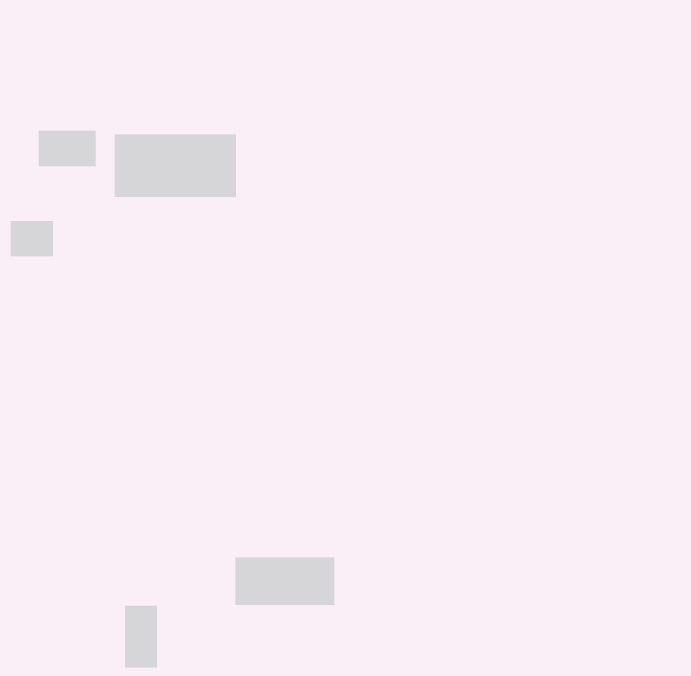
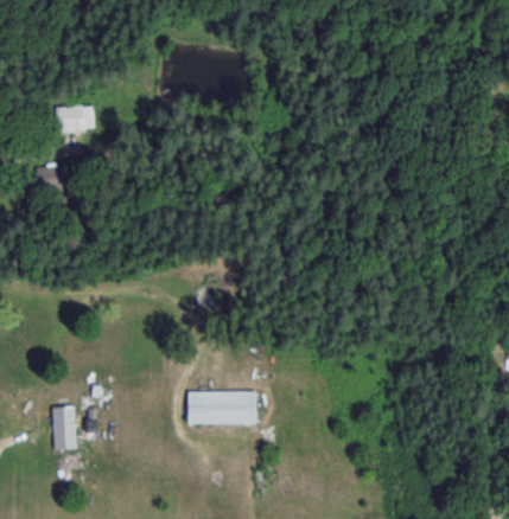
building: [114,134,237,198] -> none
building: [124,605,158,669] -> [52,408,75,450]

